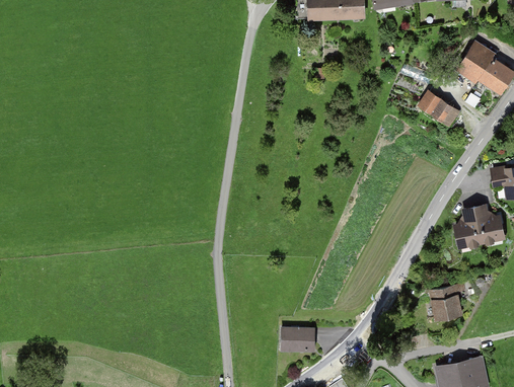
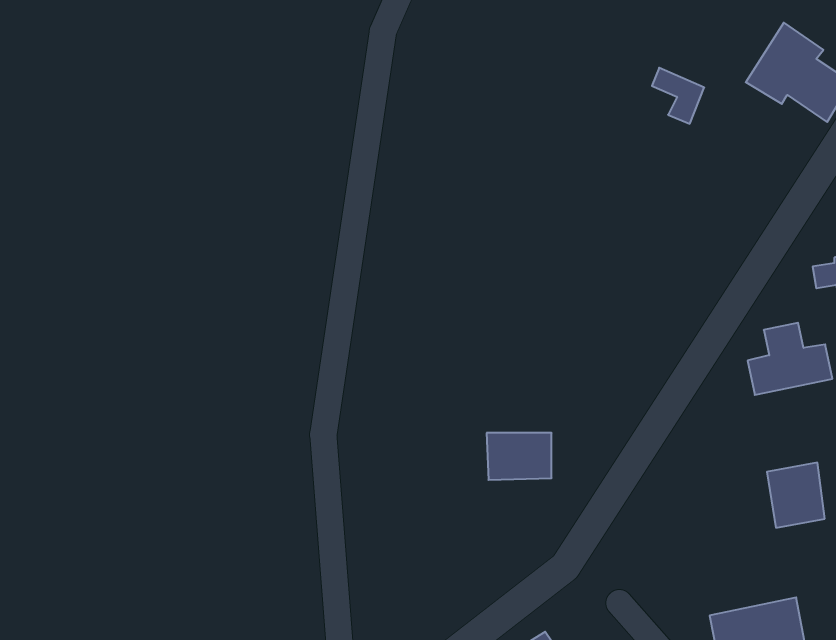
building: [418,90,459,126] -> none
building: [428,287,460,323] -> [767,463,825,528]
building: [280,327,316,354] -> [487,433,552,480]

